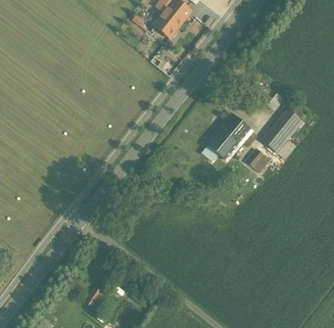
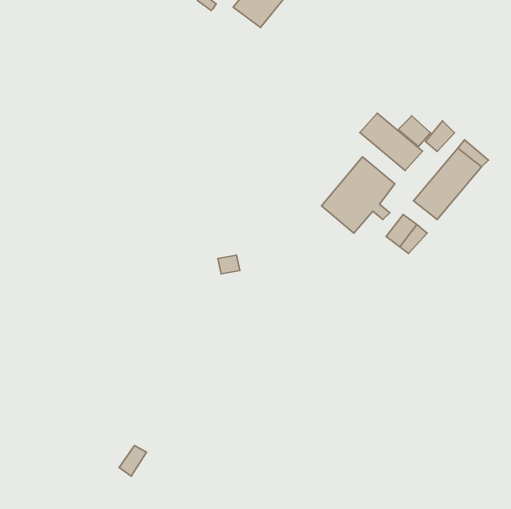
building: none -> [360,113,423,171]

